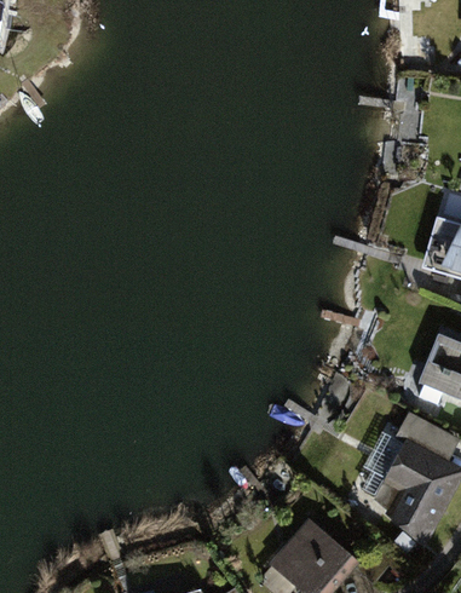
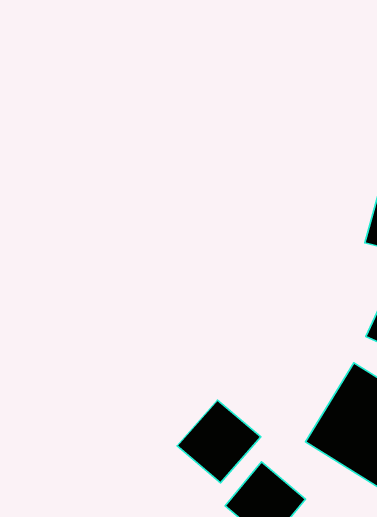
building: none -> [177,400,261,483]

